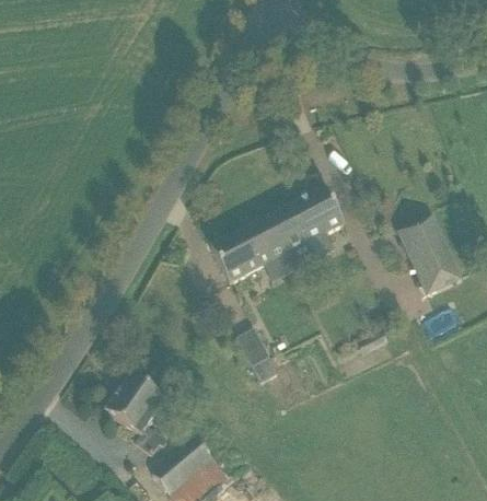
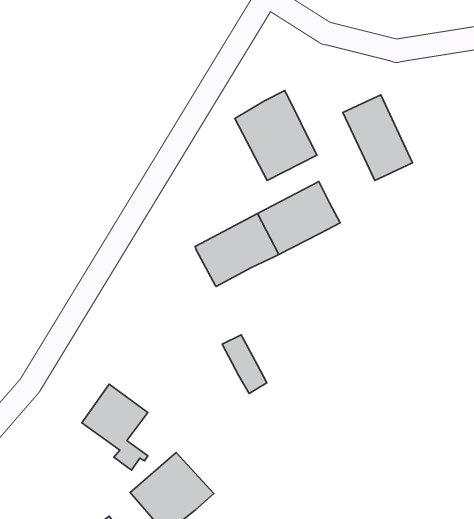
building: none -> [235,91,317,180]
building: [398,213,463,293] -> [343,95,413,181]

